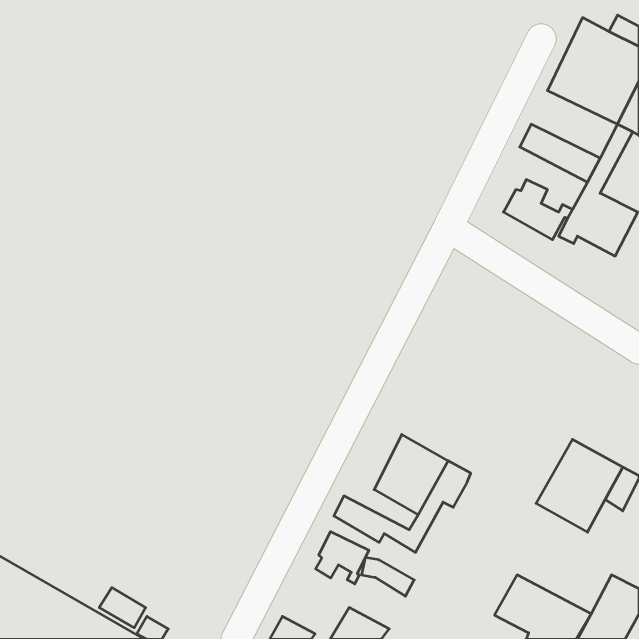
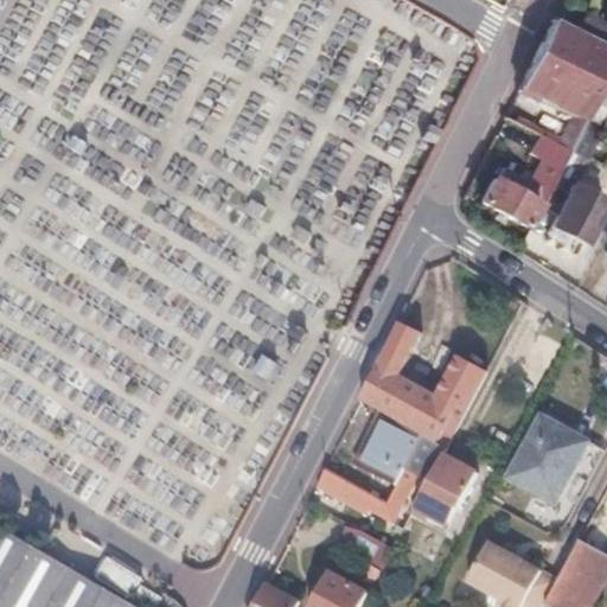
building: none -> [360,322,486,447]
building: none -> [414,455,475,524]
building: [316,532,369,584] -> none

